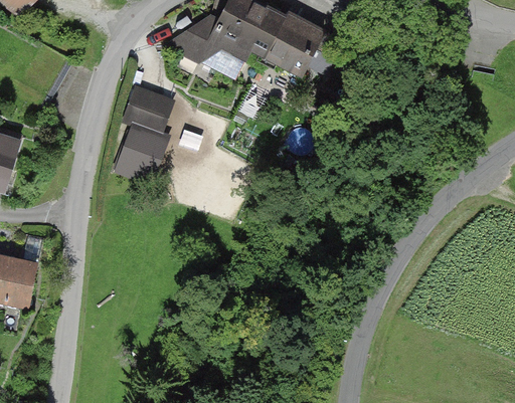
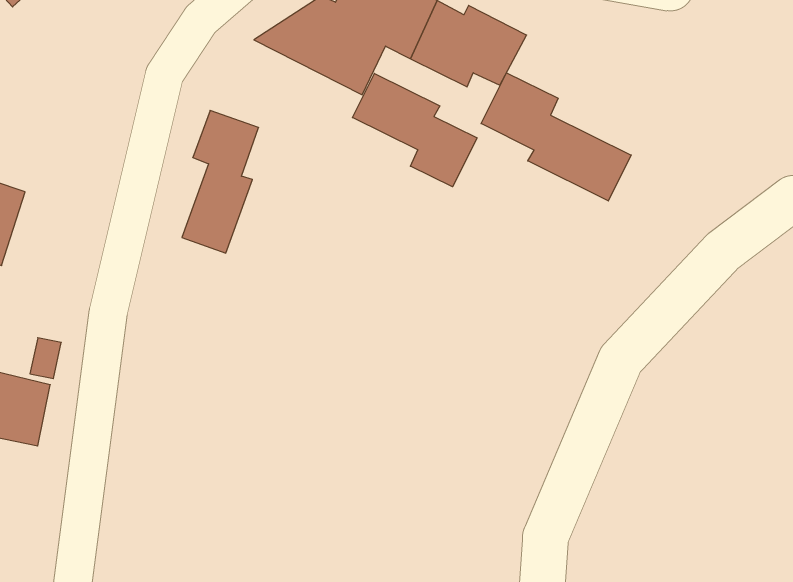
building: none -> [481,73,631,201]
building: none -> [352,73,477,187]

